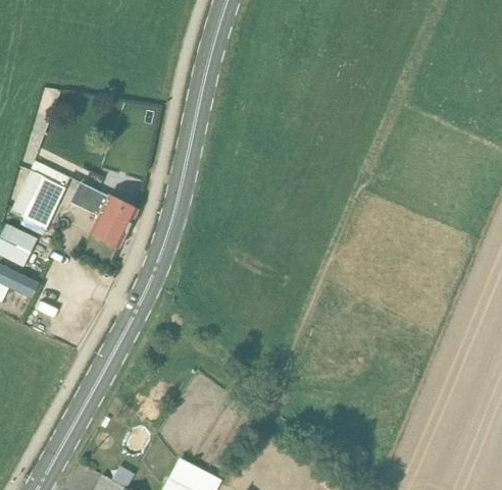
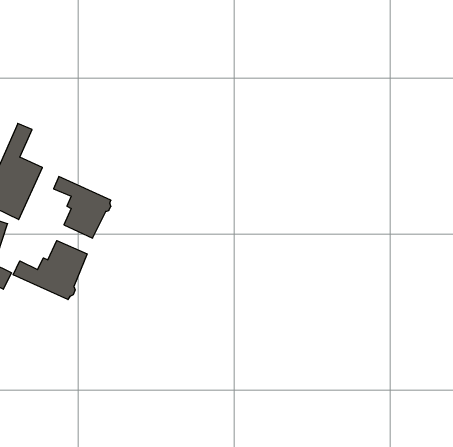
building: none -> [13,241,87,300]

